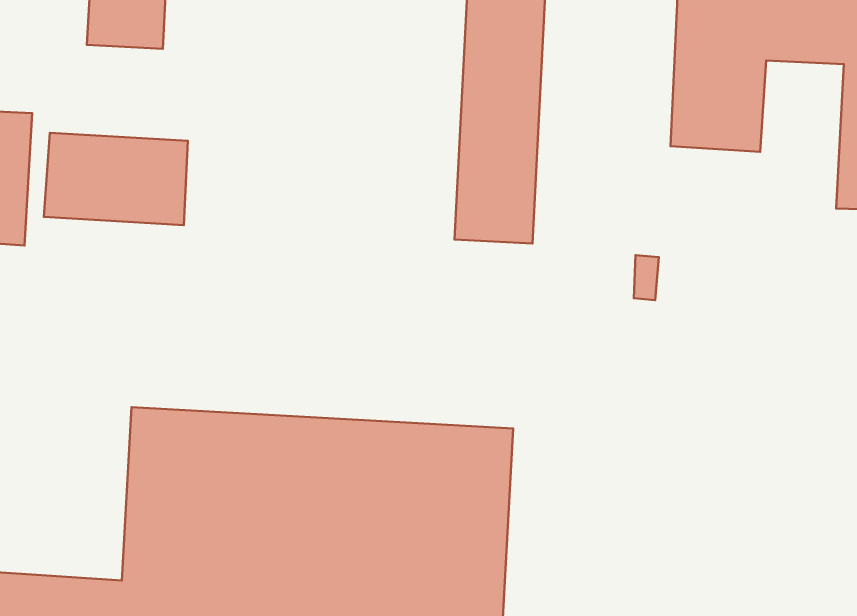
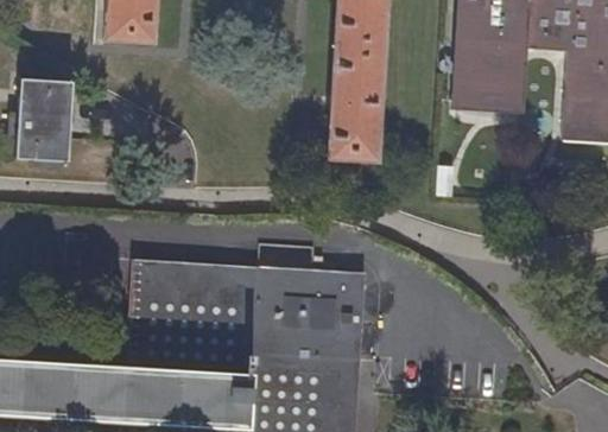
building: [44,133,188,225] -> none

